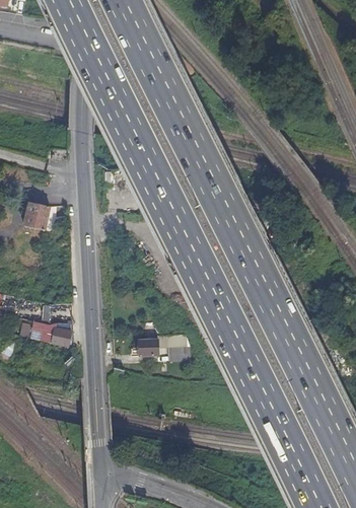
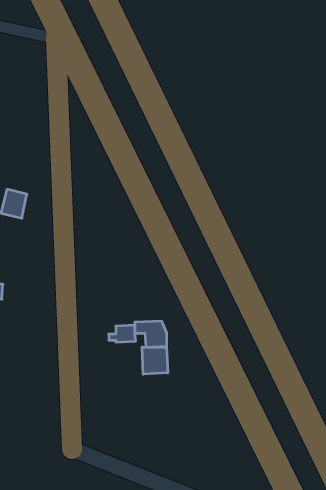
building: [30,320,70,346] -> none
building: none -> [142,347,168,374]

